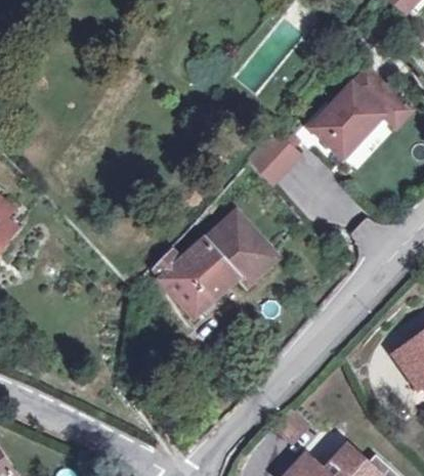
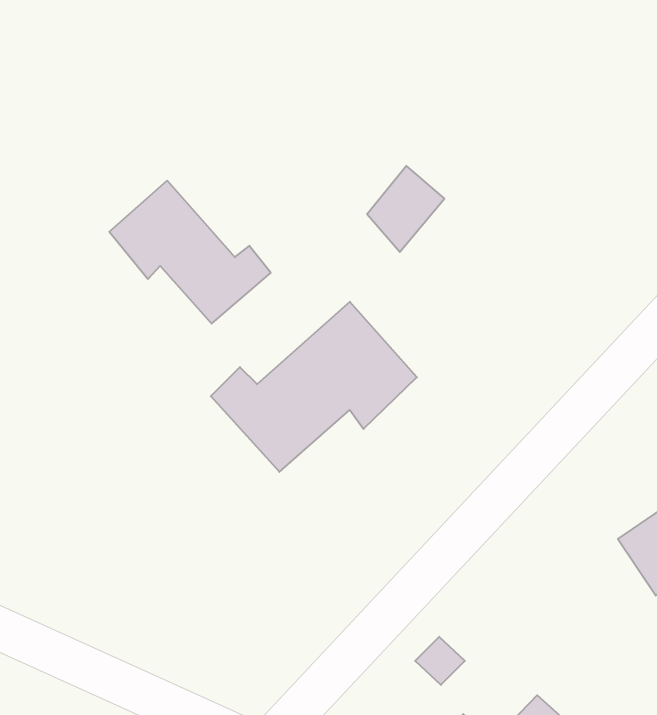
building: [313,73,410,155] -> none
building: none -> [109,181,271,324]

